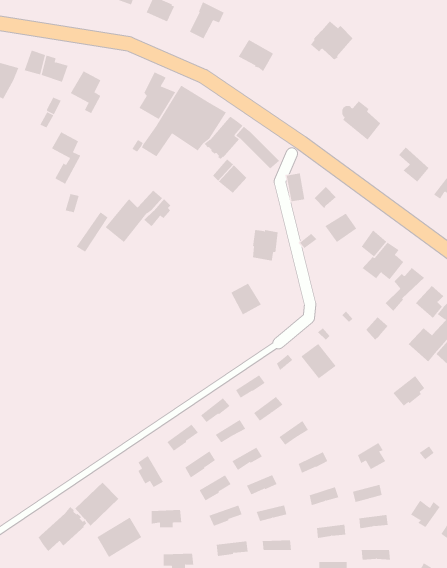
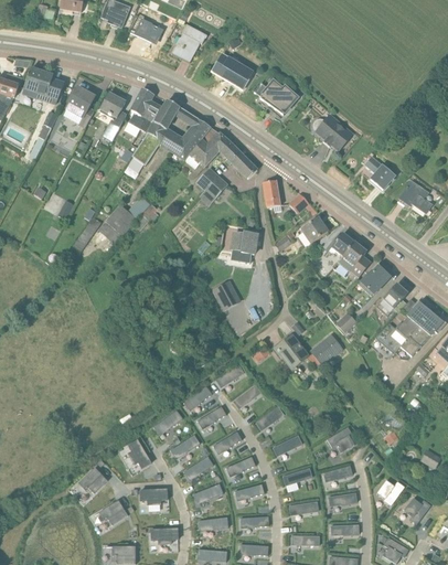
building: [310,20,354,61] -> [257,79,297,117]
building: [51,132,81,185] -> [99,92,127,140]
building: [393,375,425,406] -> [310,333,340,362]
building: [37,506,87,552] -> none

